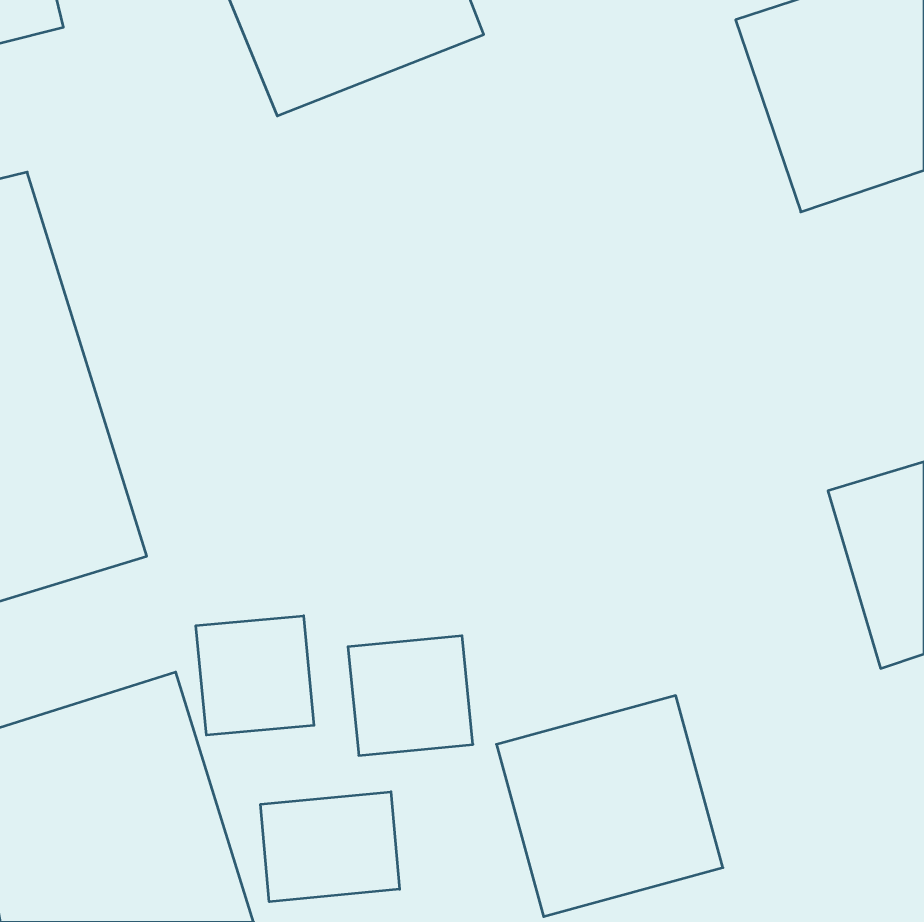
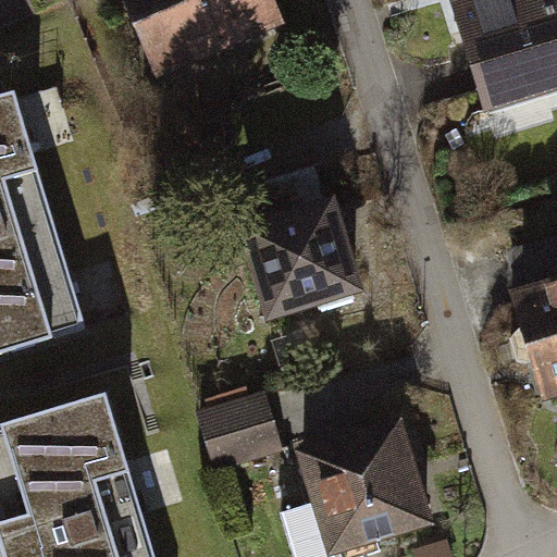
building: none -> [232,197,359,325]
building: [196,616,314,735] -> none
building: [261,792,400,902] -> none

